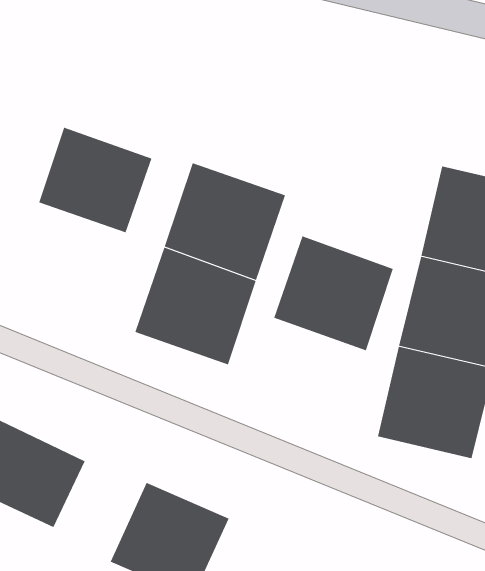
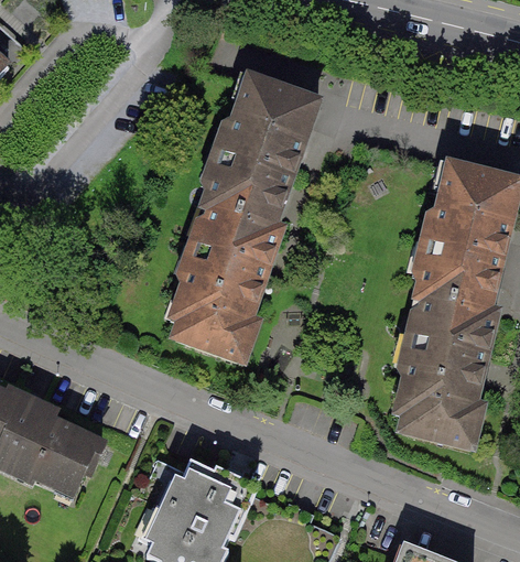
building: none -> [208,79,323,191]
building: [38,127,152,233] -> none
building: [273,235,393,351] -> none

